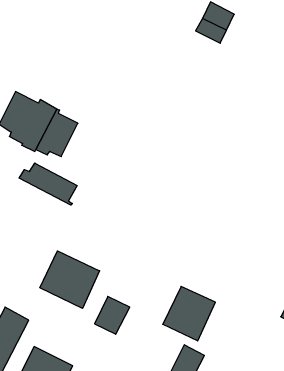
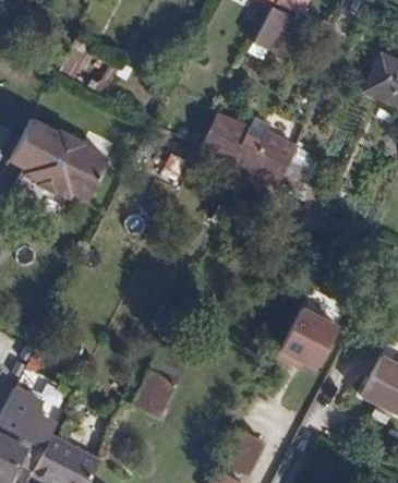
building: none -> [204,114,296,185]
building: [19,163,77,205] -> none
building: [40,251,100,308] -> none
building: [163,286,215,341] -> [276,305,341,373]

